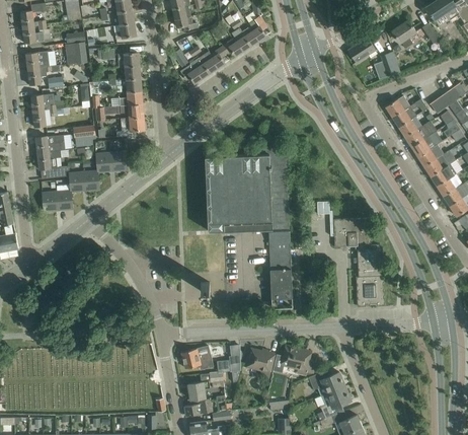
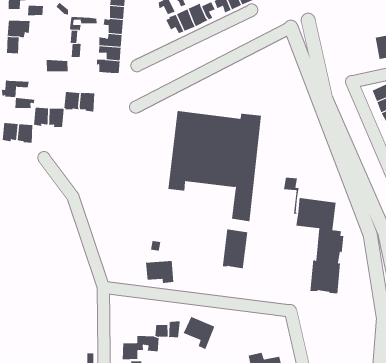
building: [347,38,376,63] -> none
building: [35,136,66,153] -> none
building: [181,347,212,370] -> [145,261,174,284]
building: [274,347,316,377] -> none

